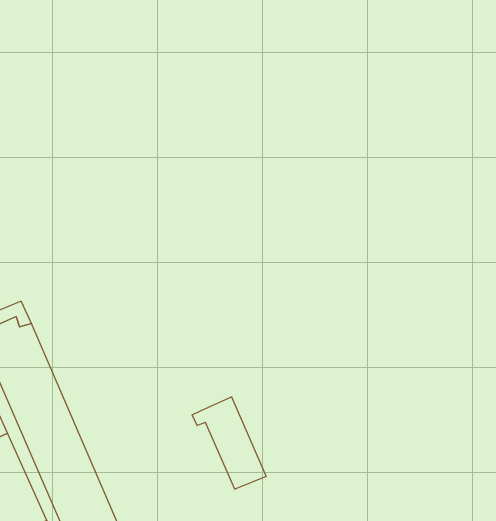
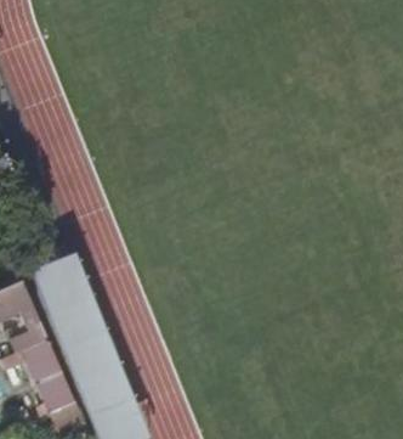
building: [192,397,266,489] -> none

